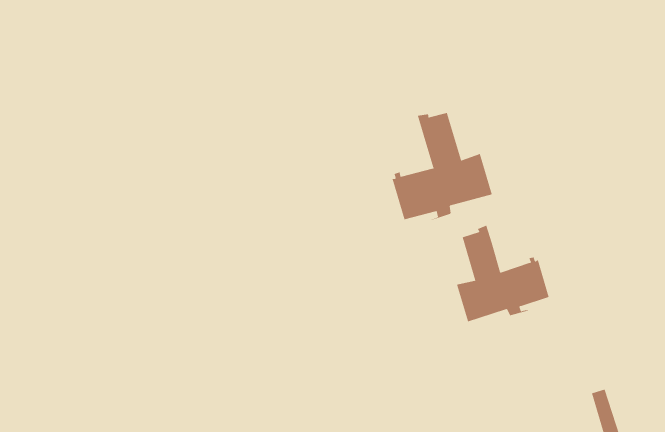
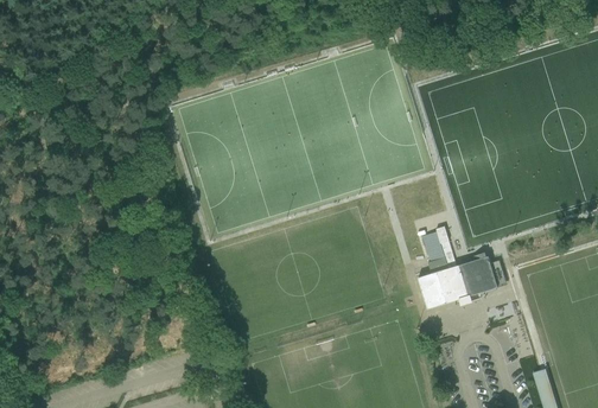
building: [392,112,493,221] -> none

